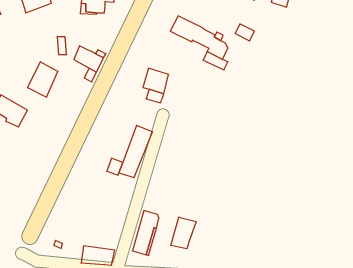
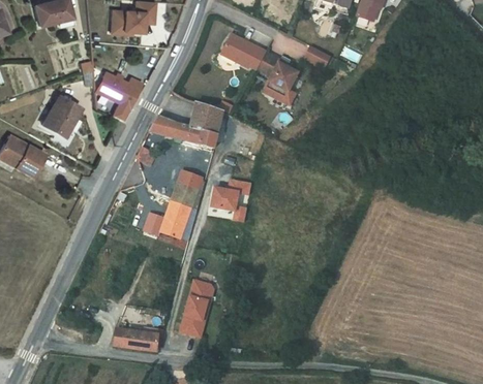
building: none -> [151,115,200,139]
building: none -> [212,179,252,221]
building: [171,217,196,249] -> none

